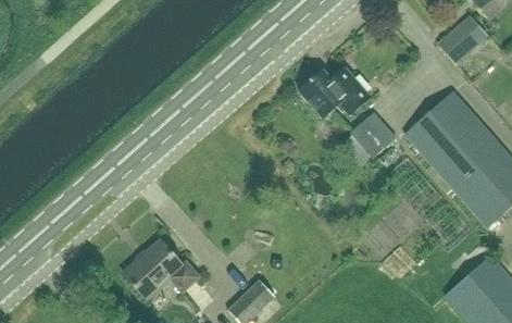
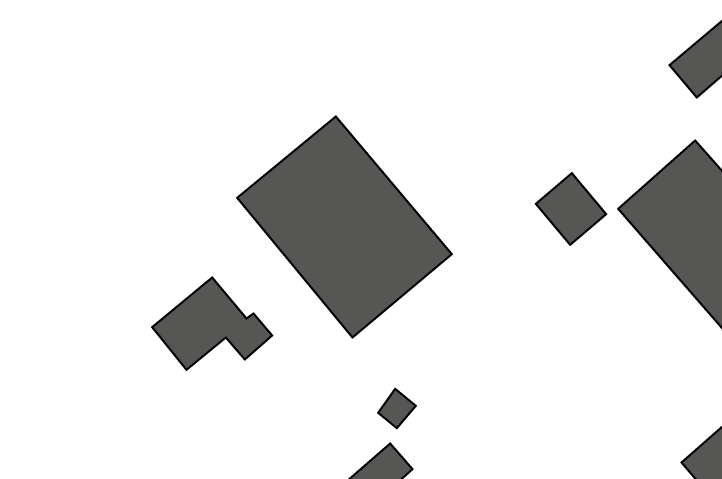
building: [299,65,373,117] -> none
building: none -> [237,117,452,337]
building: [124,239,200,298] -> [152,277,272,370]

